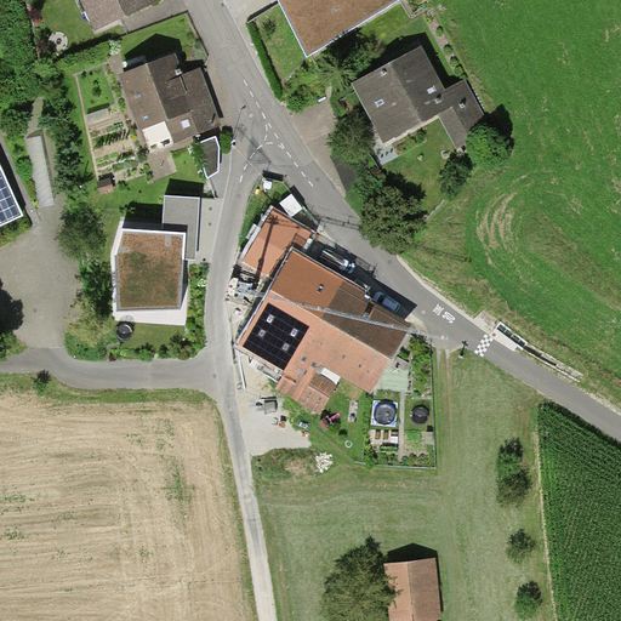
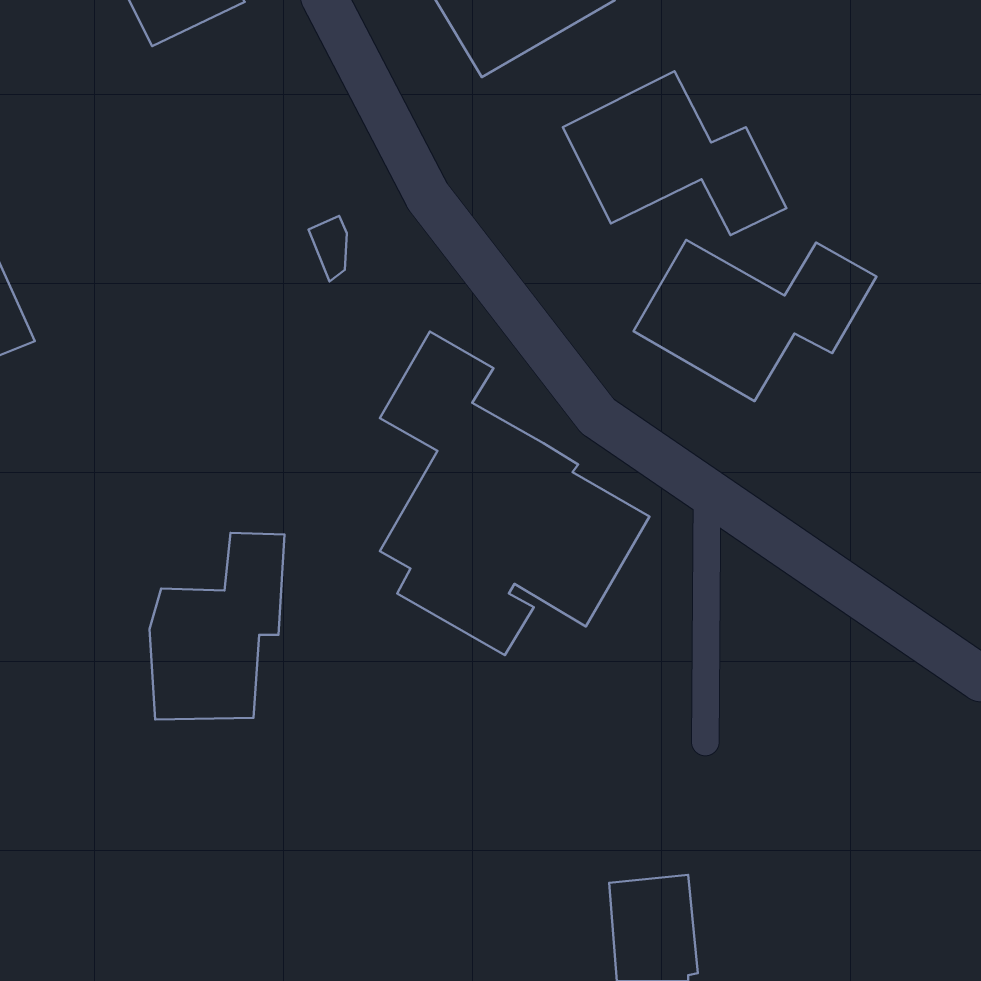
building: [119,52,218,148] -> none
building: none -> [633,240,877,401]
building: [113,195,198,313] -> [149,533,284,720]

